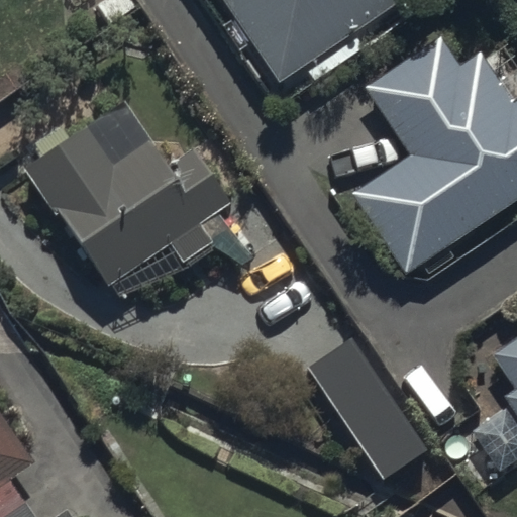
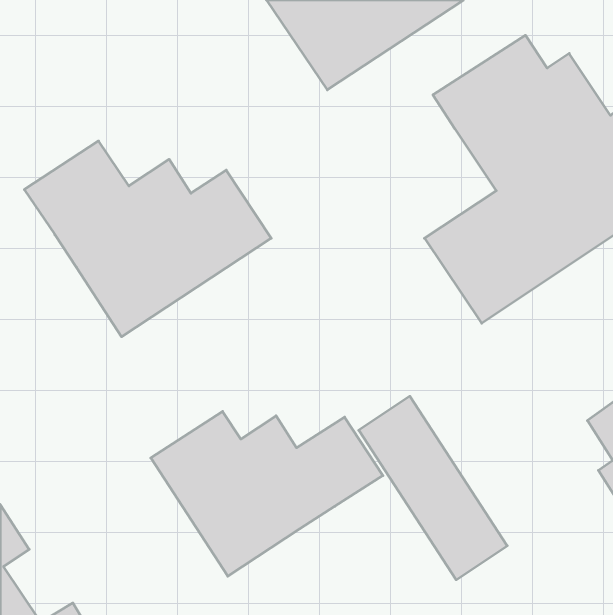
building: none -> [151,411,383,576]

